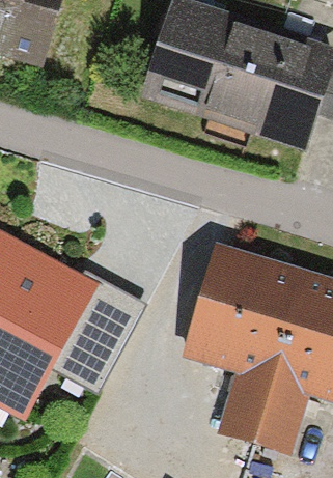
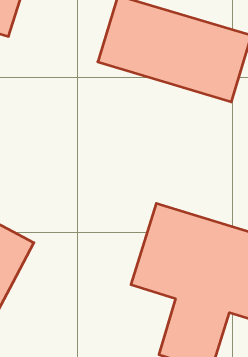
building: [46,273,143,376] -> none

